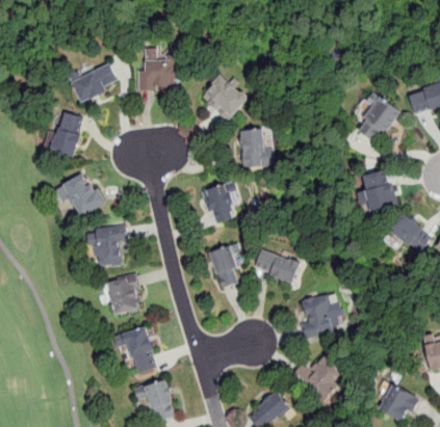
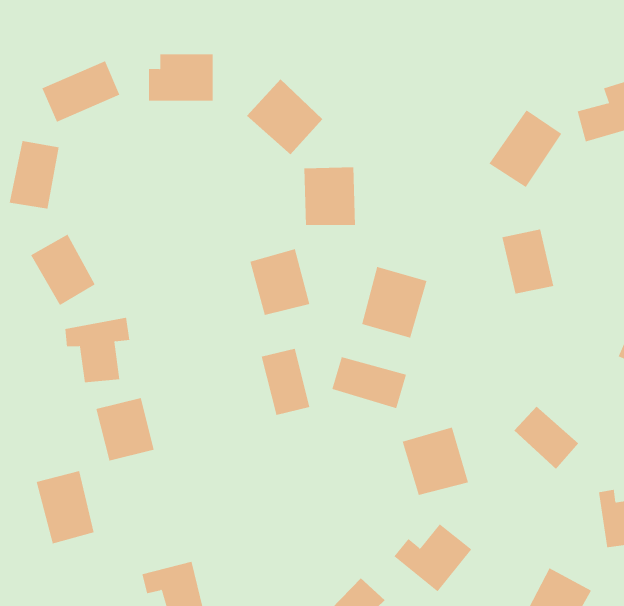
building: none -> [362,266,427,338]
building: [390,213,432,253] -> [514,406,579,470]
building: [119,327,156,374] -> [36,470,95,544]

